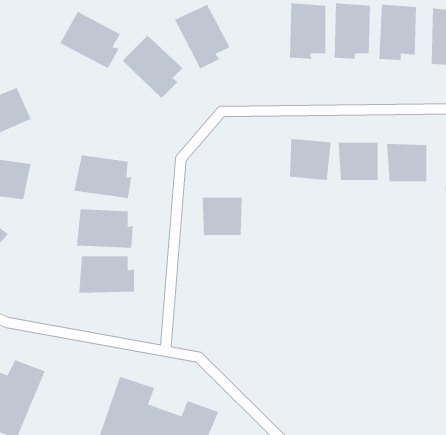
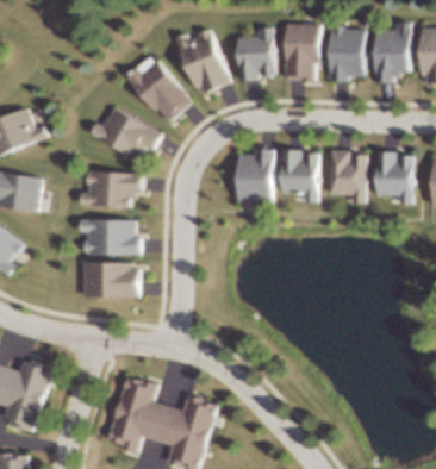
building: none -> [232,29,278,85]
building: [60,11,121,69] -> [96,106,154,160]
building: [202,197,243,235] -> [235,157,273,193]

